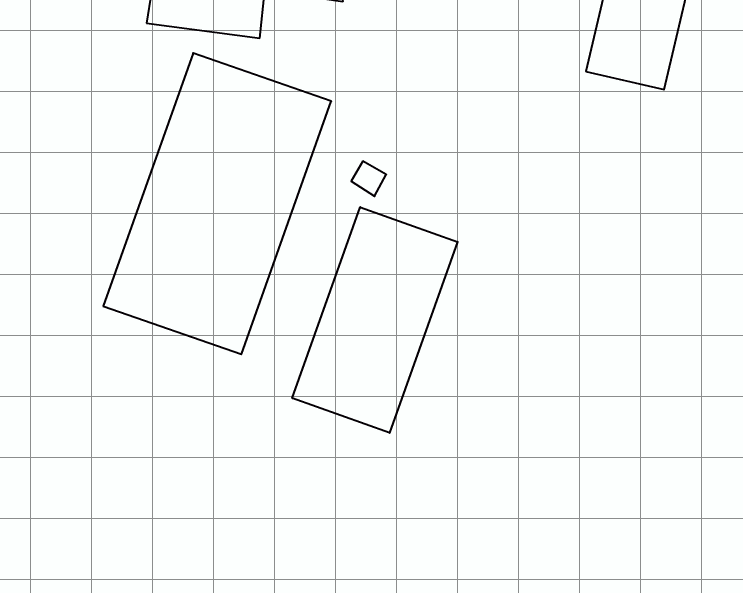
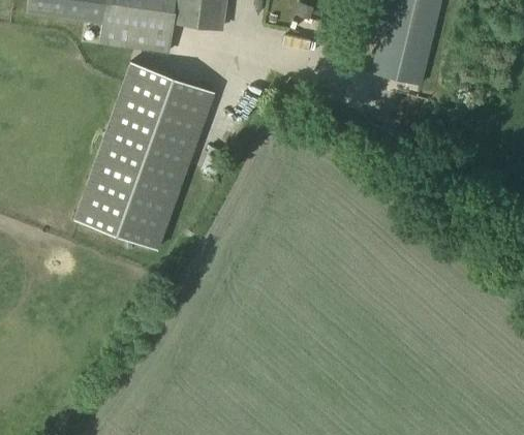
building: [292,207,458,433] -> none

